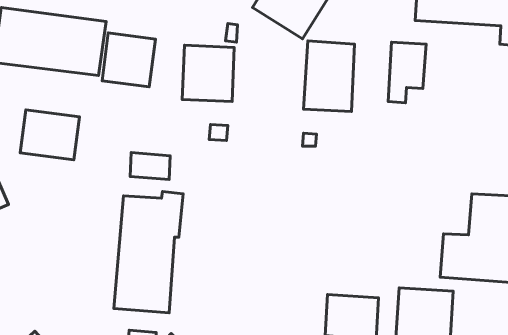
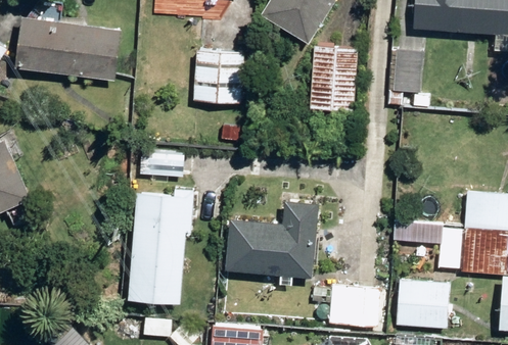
building: [102,33,155,87] -> none
building: [20,110,80,160] -> none
building: none -> [227,202,318,279]

